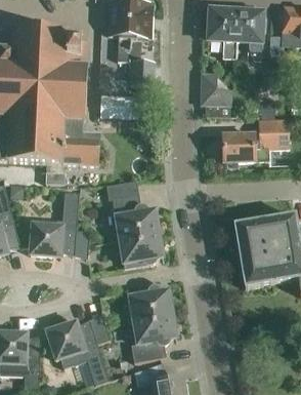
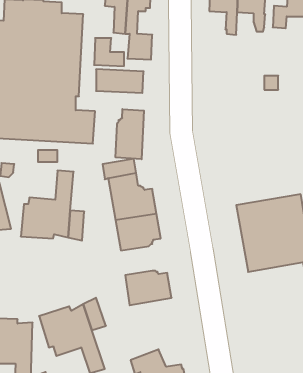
building: [201,74,229,116] -> none
building: [222,119,289,162] -> none
building: none -> [116,109,144,159]
building: [130,313,175,362] -> none

